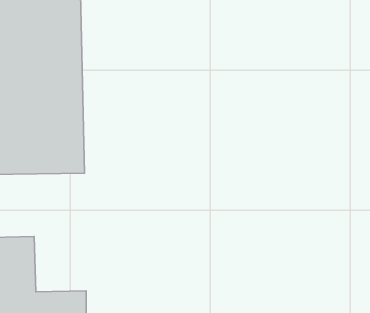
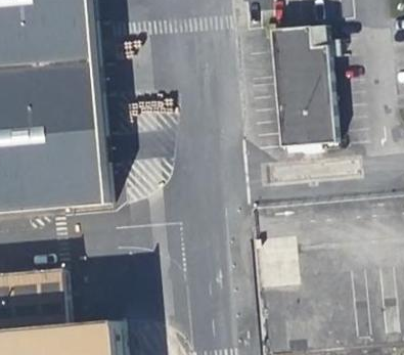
building: none -> [272,27,333,146]

